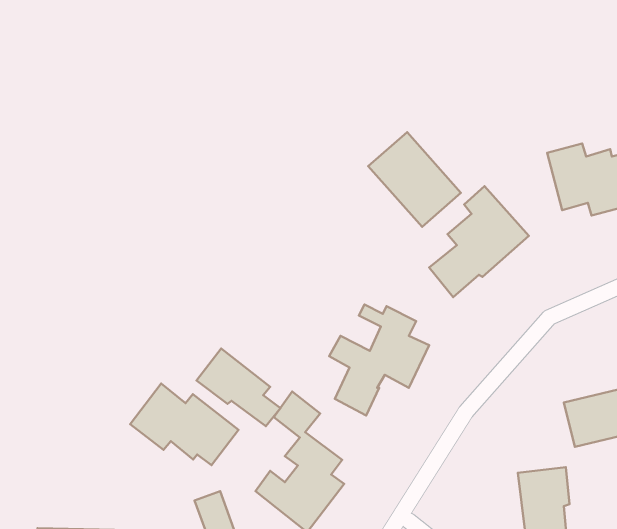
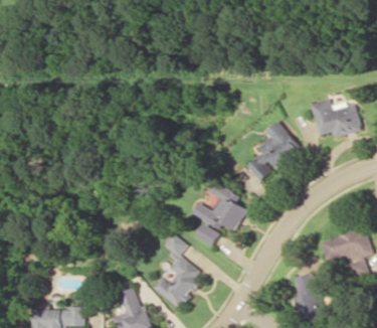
building: [368,132,461,227] -> none
building: [197,349,280,426] -> none
building: [130,384,238,465] -> none

